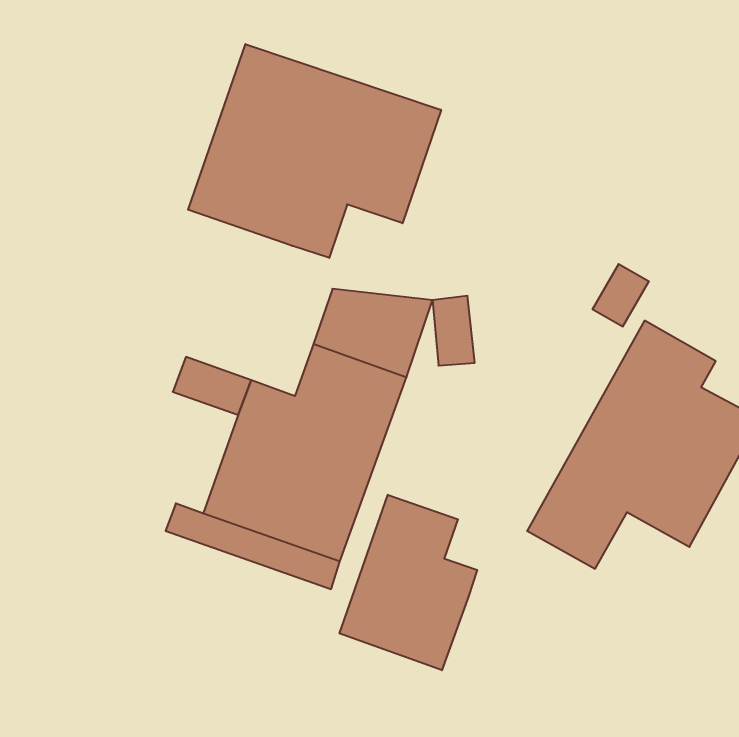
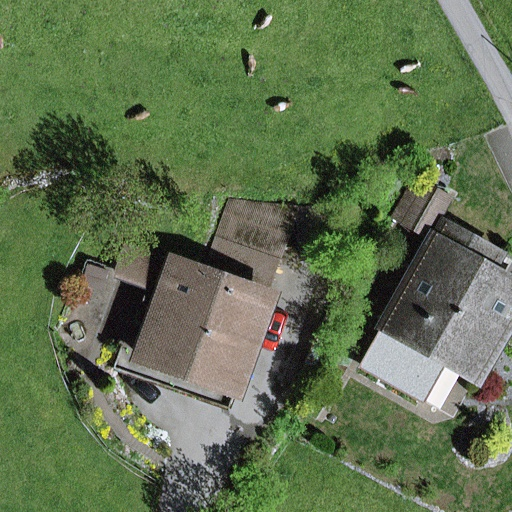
building: [188,44,441,258] -> none
building: [340,495,477,670] -> none

